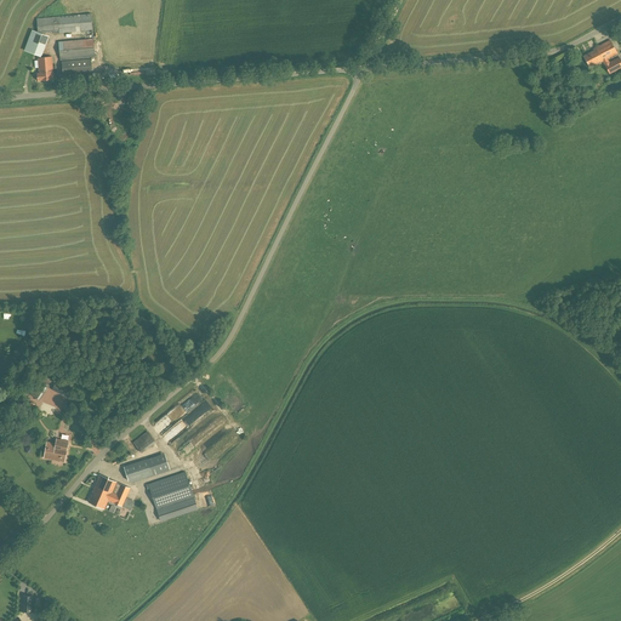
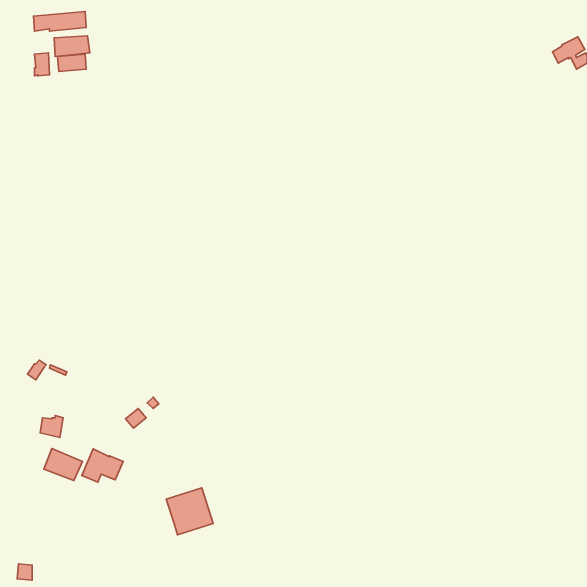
building: [123,456,158,480] -> none
building: [147,471,196,520] -> [166,488,213,535]
building: none -> [44,449,83,481]

